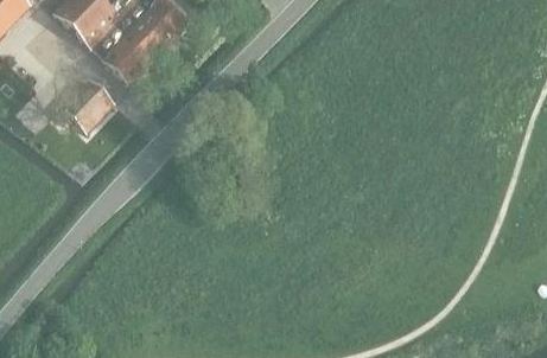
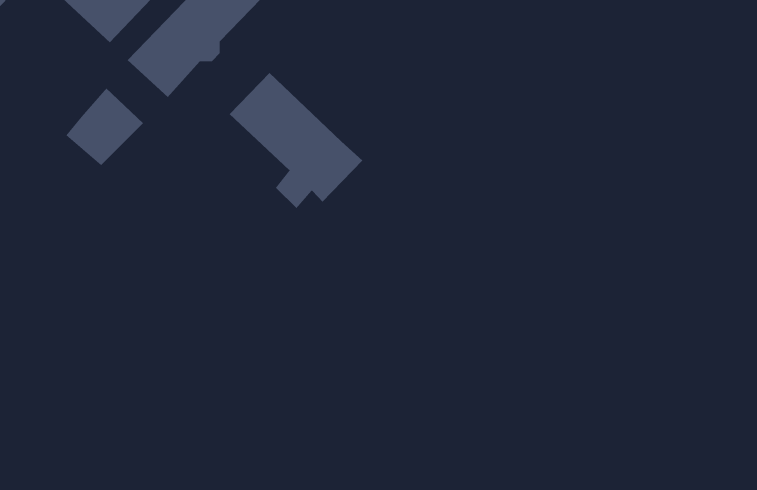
building: none -> [229,72,363,209]

